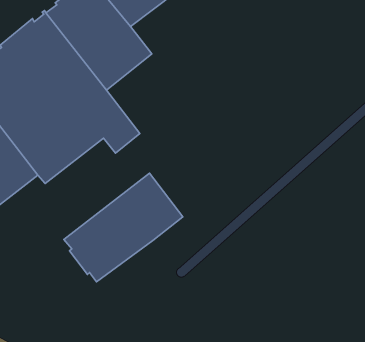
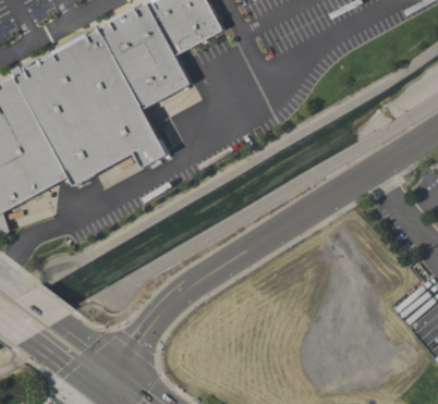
building: [64,173,183,282] -> none

